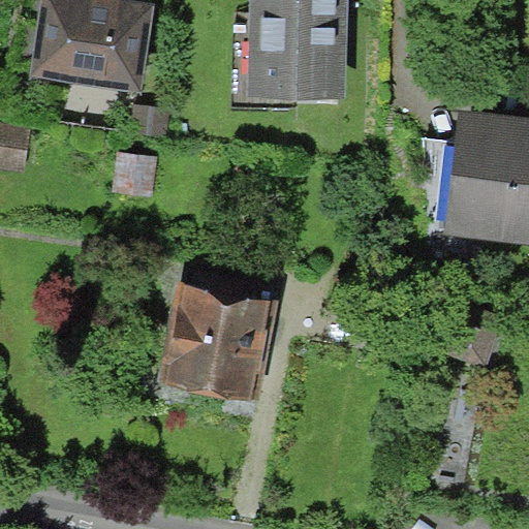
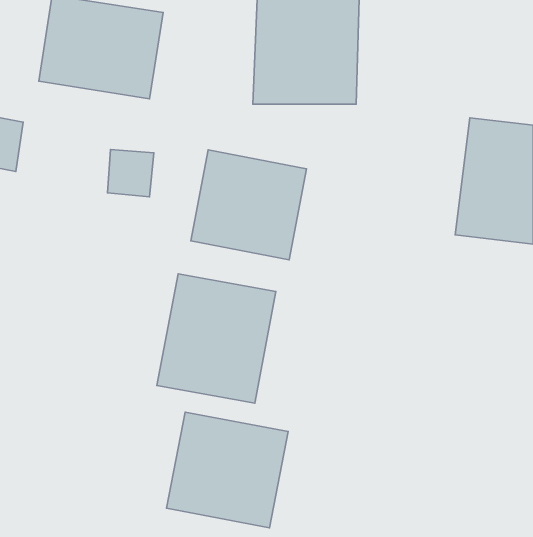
building: none -> [191,150,306,260]
building: none -> [166,412,288,528]

